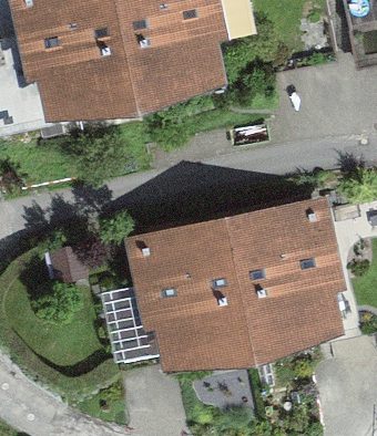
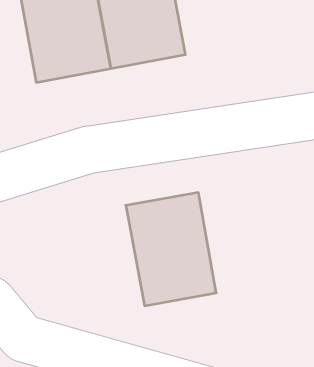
building: [226,215,327,342] -> none

